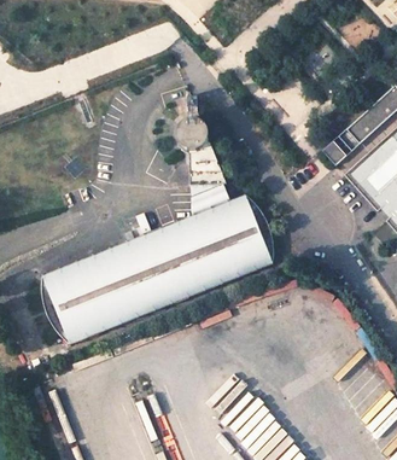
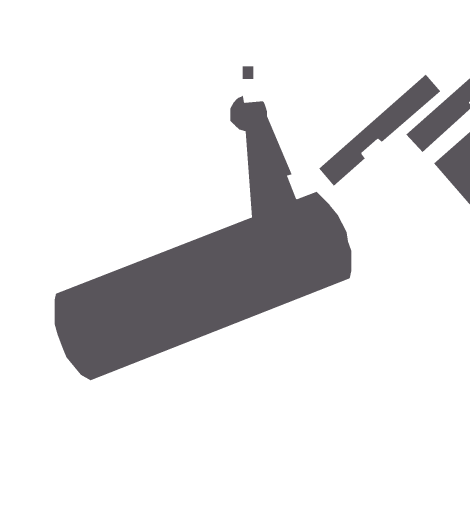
building: none -> [319,74,441,187]

